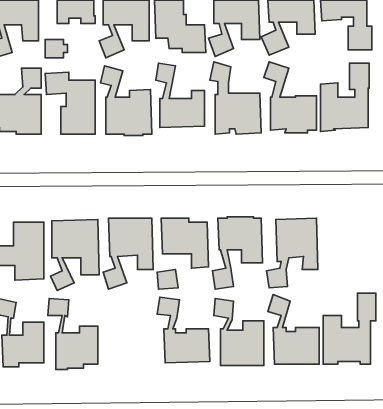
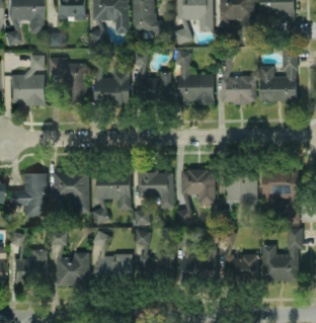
building: none -> [262,168,300,223]
building: none -> [91,228,132,278]

